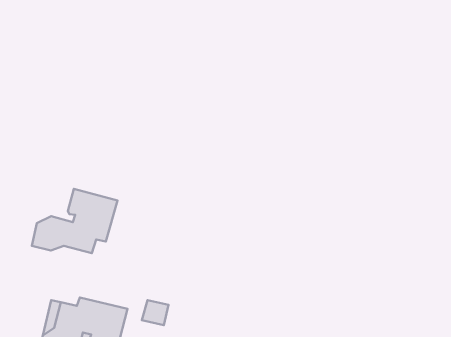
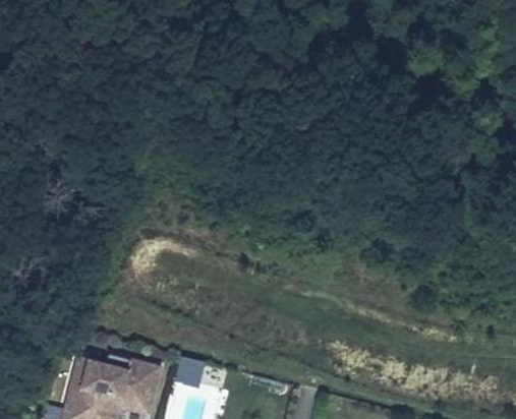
building: [32,189,118,253] -> none

